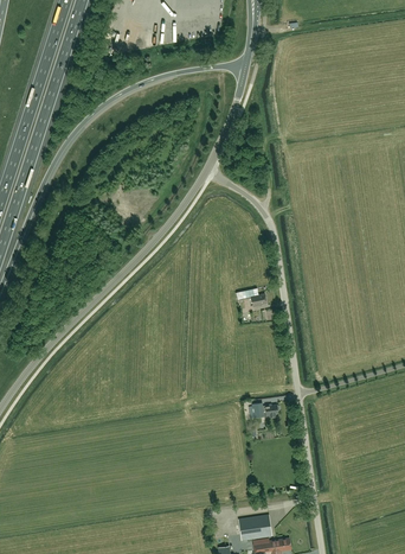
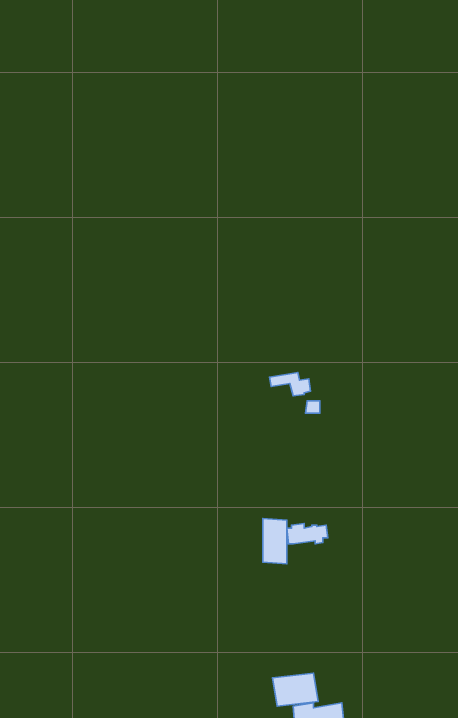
building: none -> [263,518,287,564]

